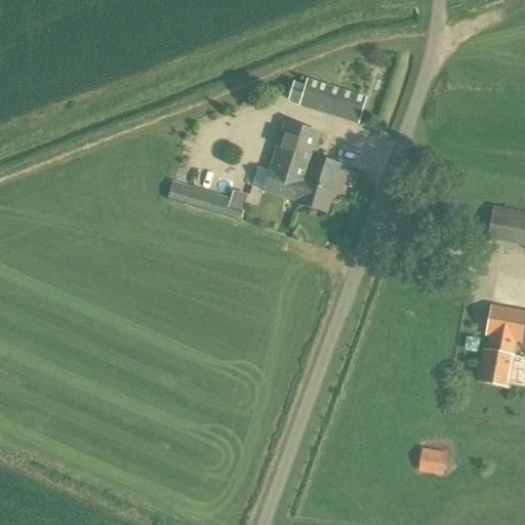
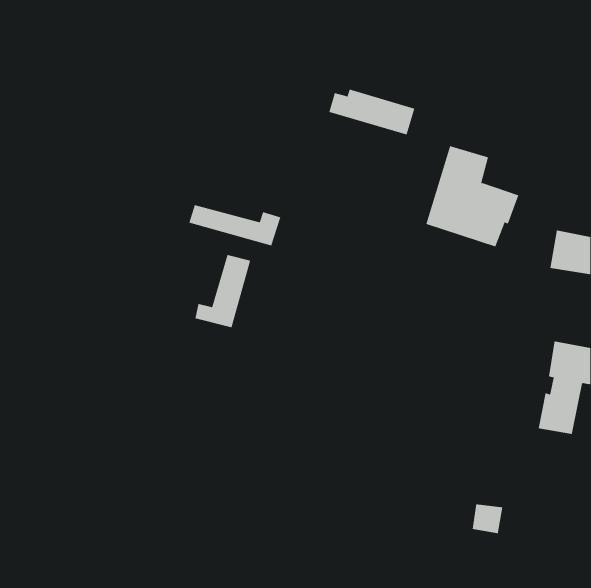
building: [264,121,347,211] -> [425,146,519,247]
building: none -> [195,254,251,328]

